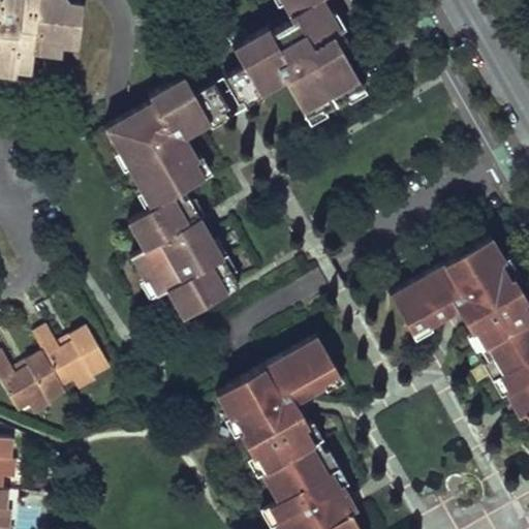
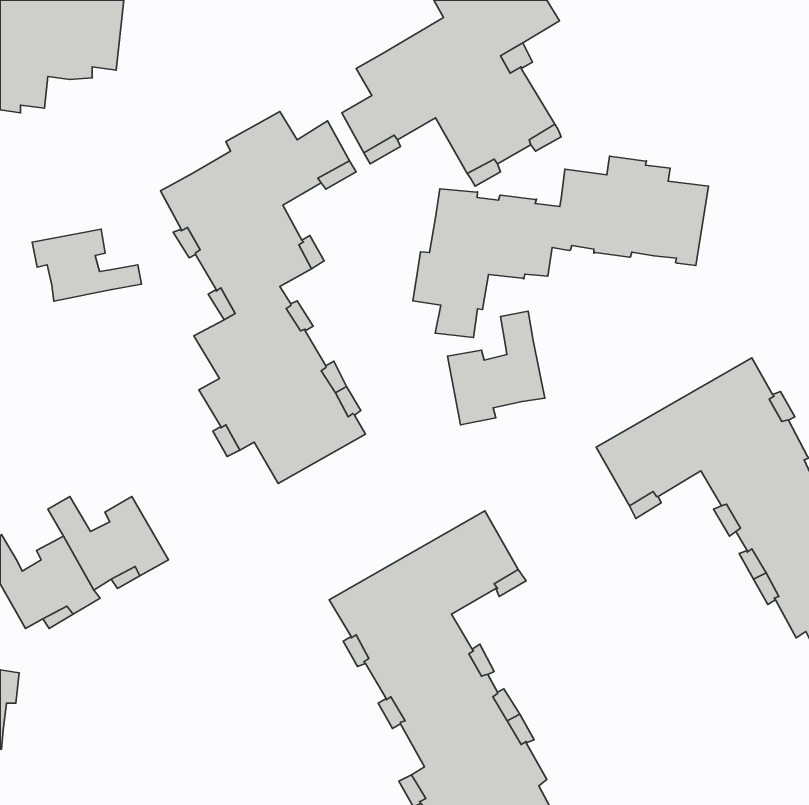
building: none -> [413,156,708,338]
building: none -> [32,229,141,301]
building: none -> [448,311,545,425]

